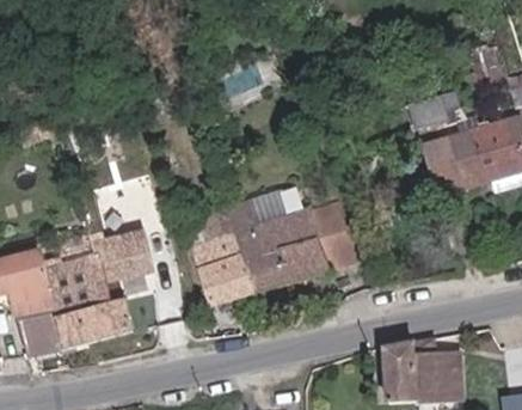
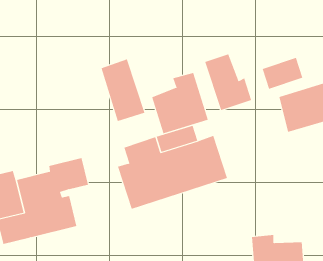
building: none -> [205,53,252,111]
building: none -> [101,58,145,122]
building: none -> [151,72,208,134]

